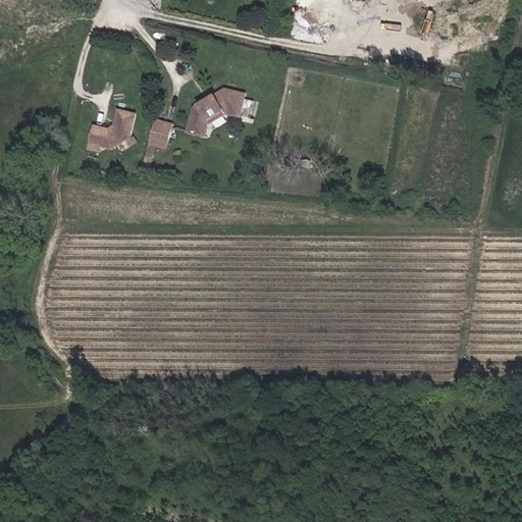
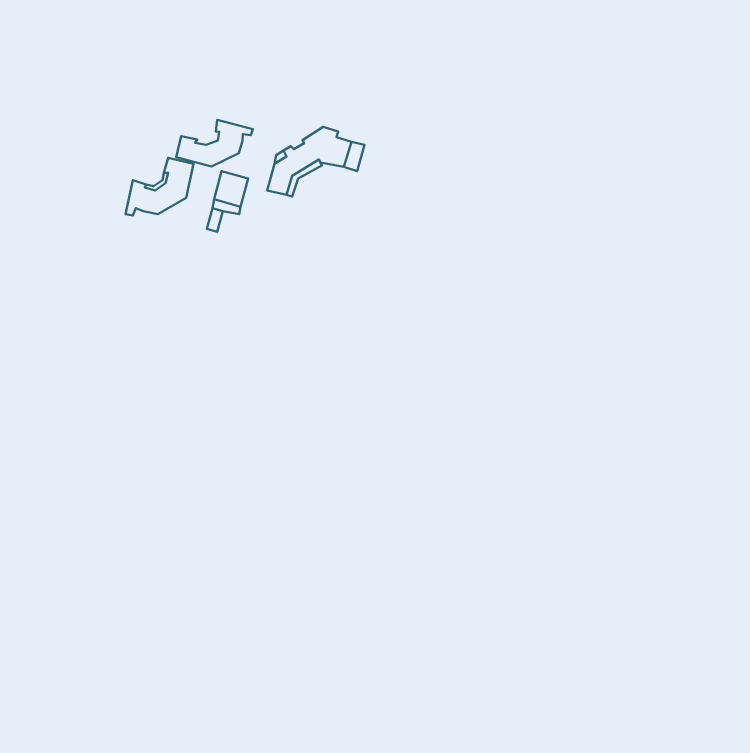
building: none -> [176,120,253,167]

